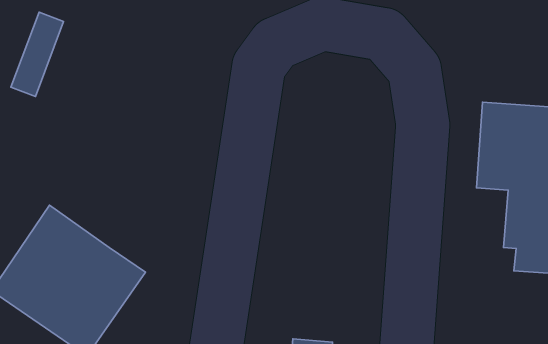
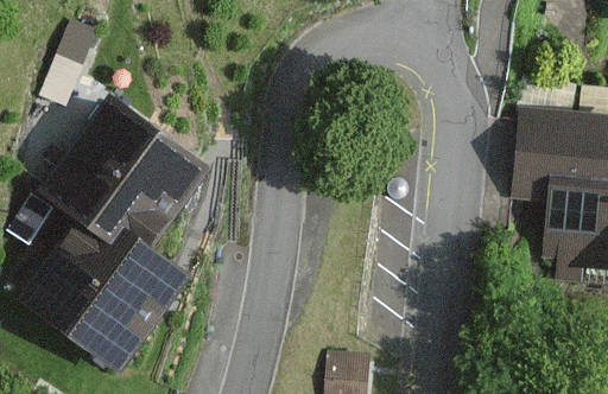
building: none -> [43,104,202,259]

